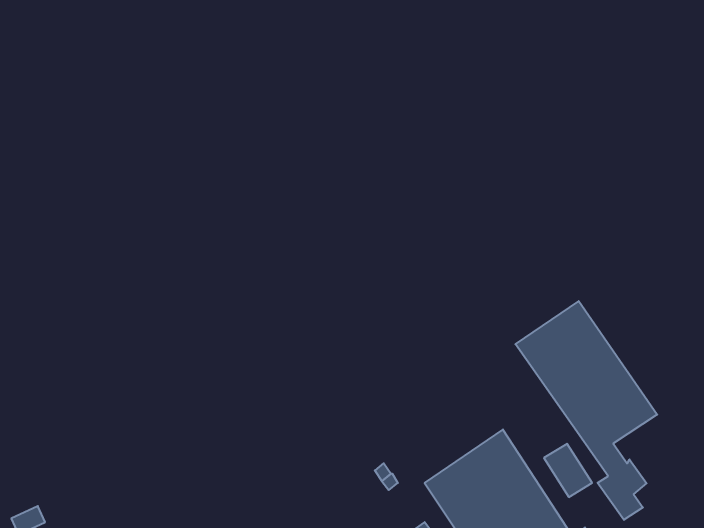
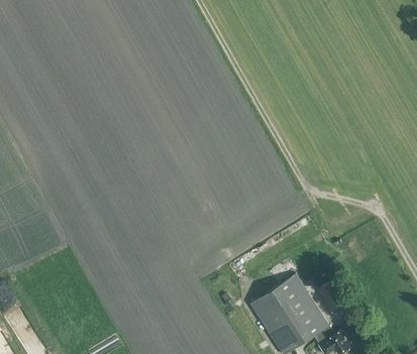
building: [515,301,657,520] -> none

